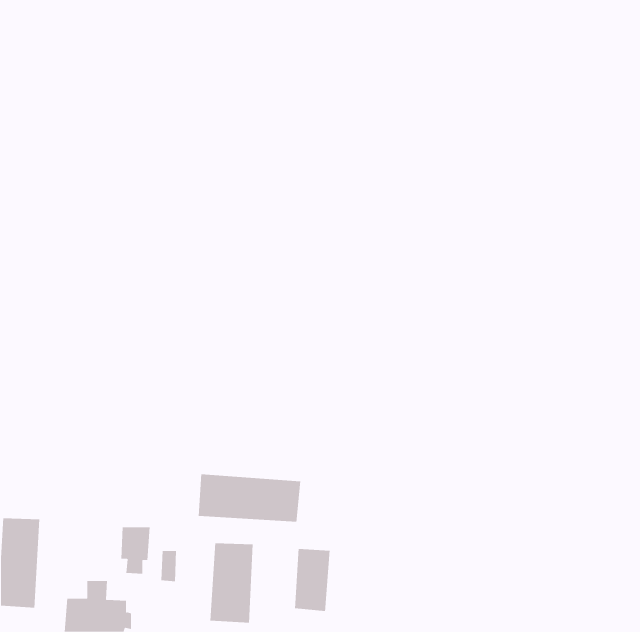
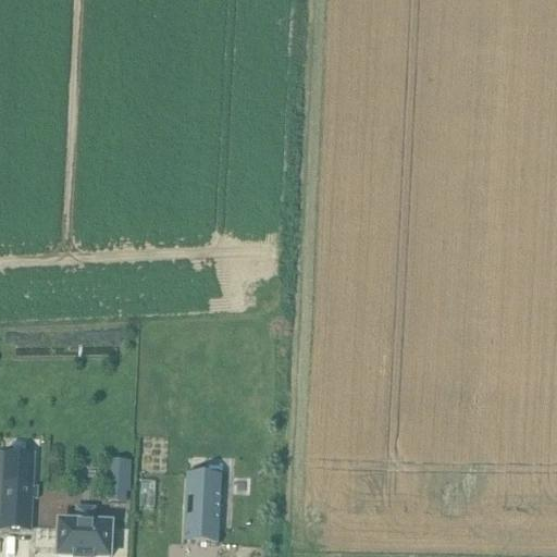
building: [198,473,301,523] -> none
building: [294,548,330,612] -> none

